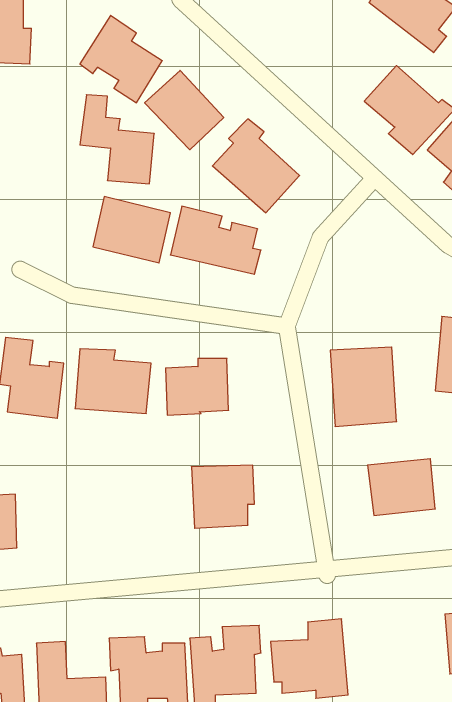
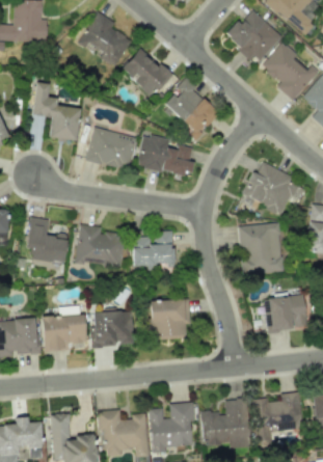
building: none -> [225,9,282,63]
building: [80,95,154,184] -> [32,82,80,139]
building: none -> [242,162,297,214]
building: none -> [42,304,86,351]
building: none -> [91,310,134,346]
building: none -> [253,391,302,445]

